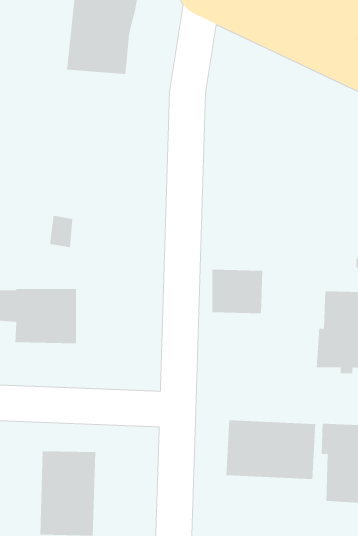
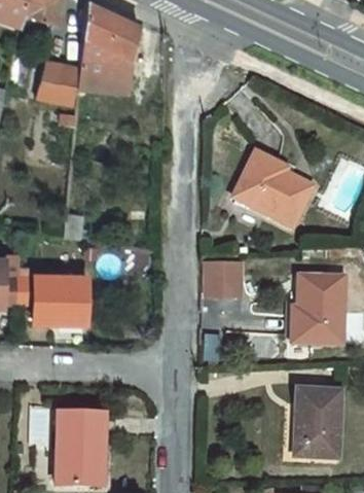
building: none -> [38,58,78,104]
building: none -> [234,152,312,224]
building: [226,420,316,480] -> none

